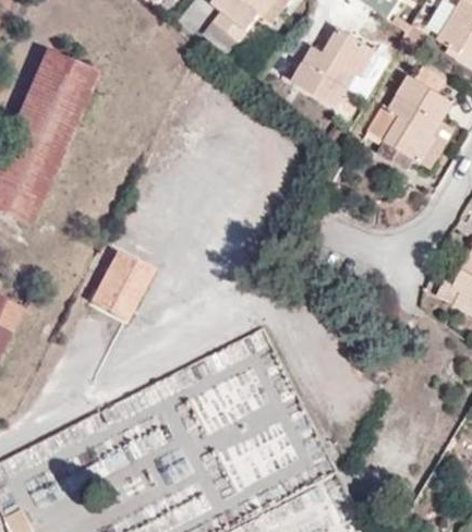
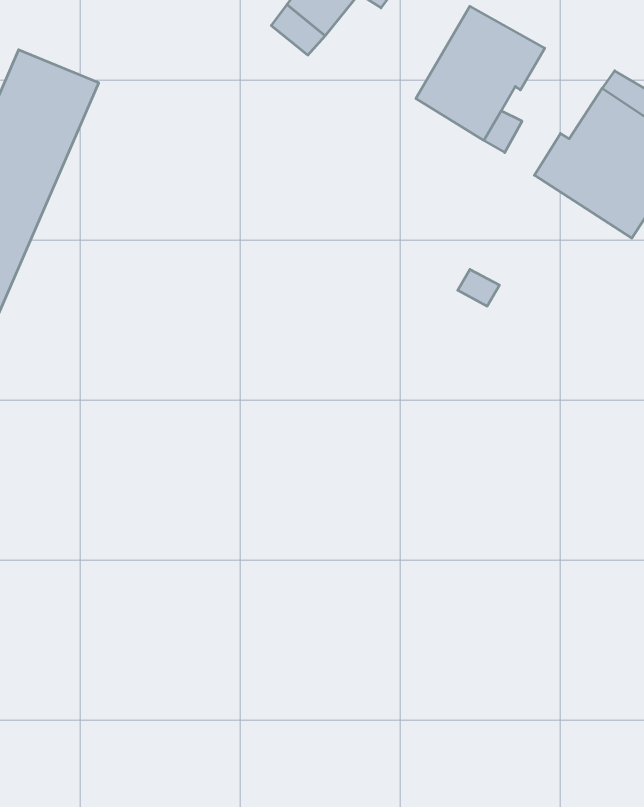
building: [92,249,152,318] -> none

